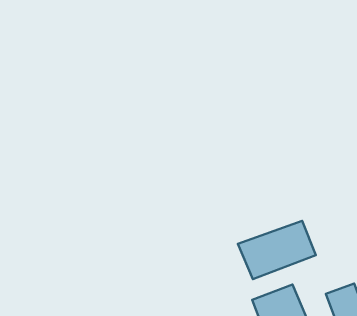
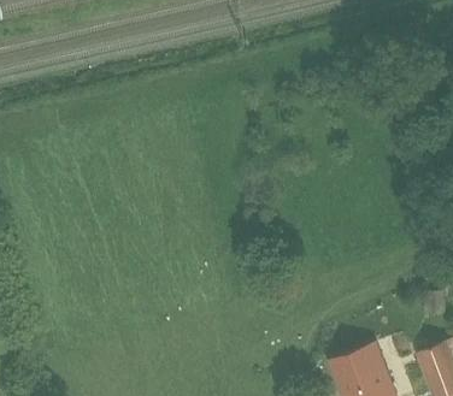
building: [238,221,316,279] -> none

